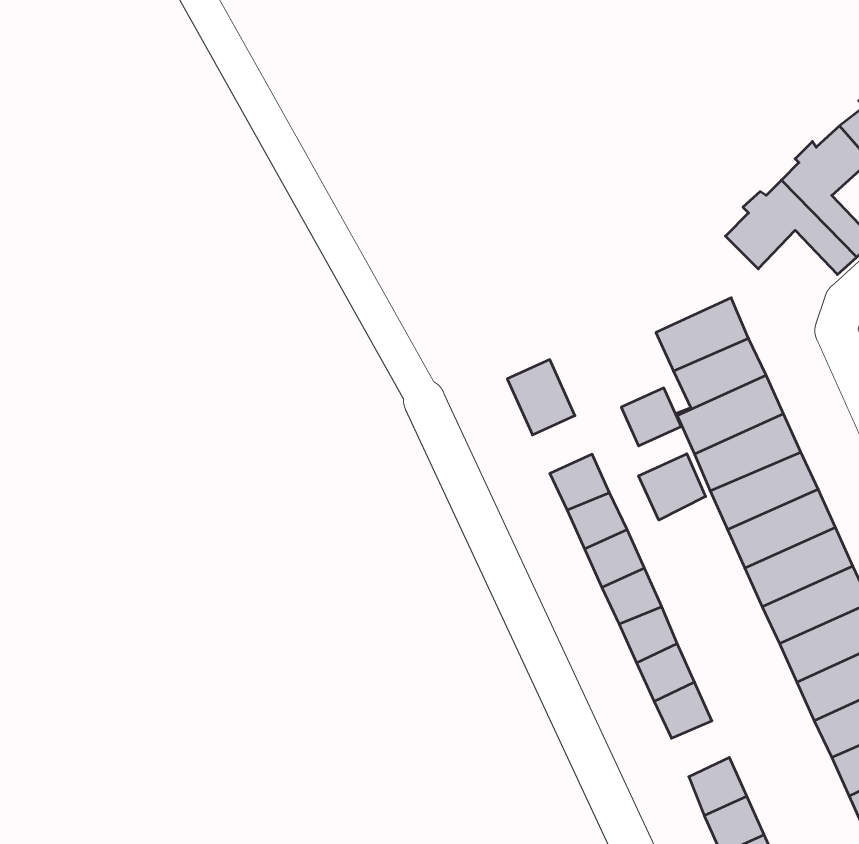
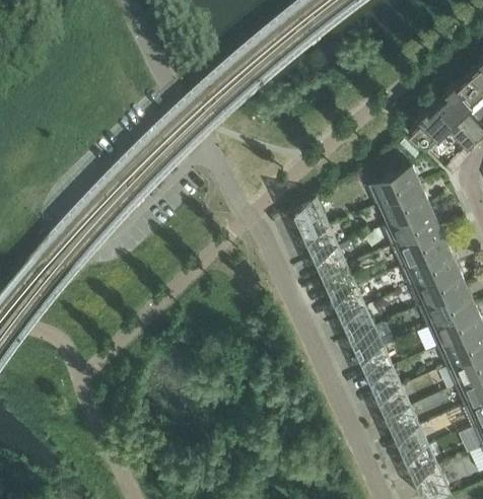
building: [621,388,681,446] -> [307,231,339,262]
building: [639,454,706,520] -> none
building: none -> [381,391,411,421]

